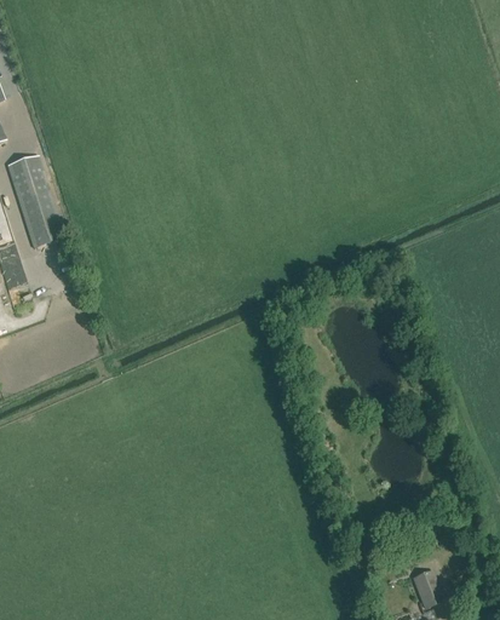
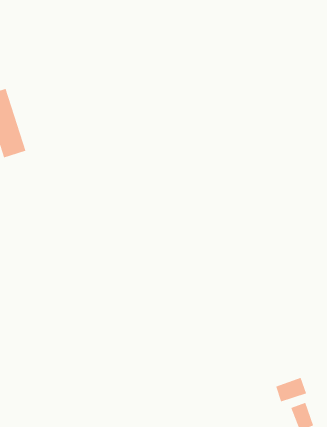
building: none -> [275,377,307,402]

